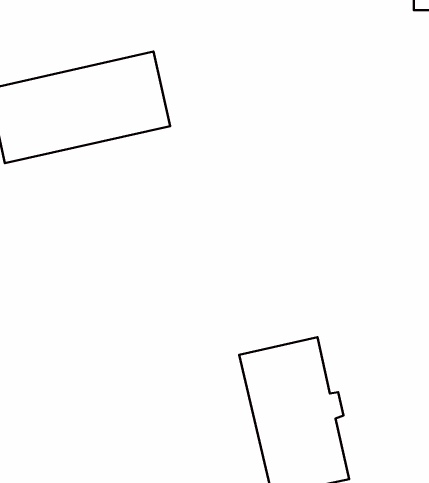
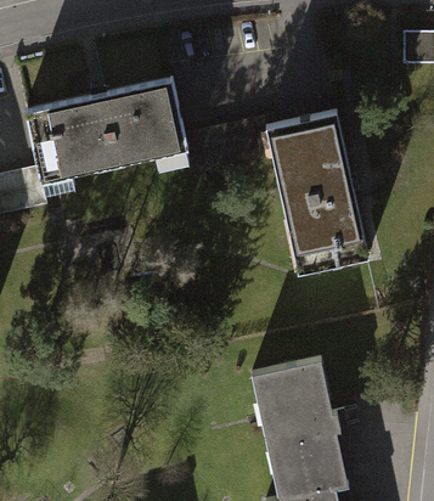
building: none -> [261,105,363,264]

